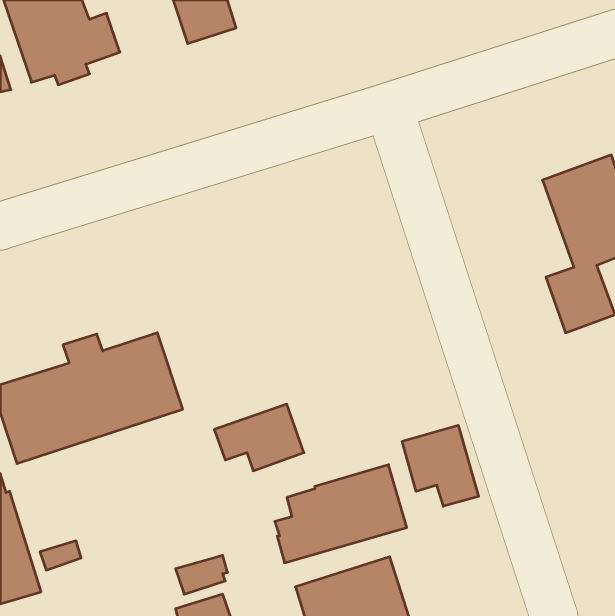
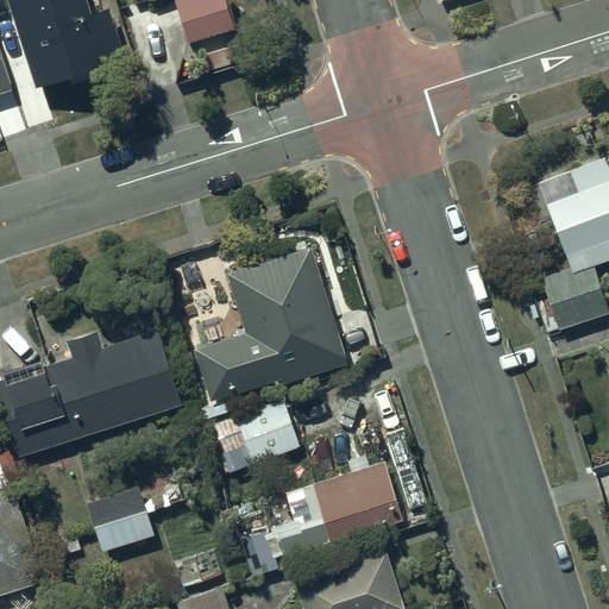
building: none -> [193,247,347,402]
building: [402,425,479,506] -> none
building: none -> [88,488,157,553]

